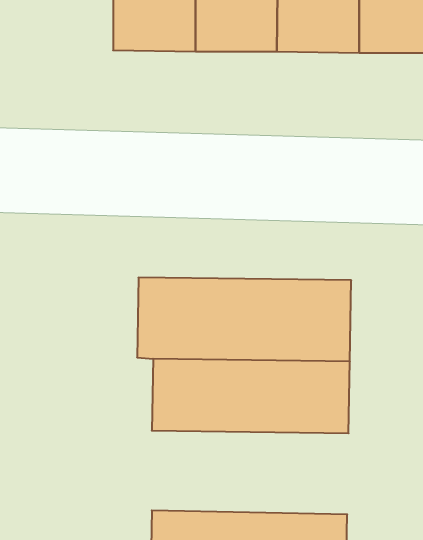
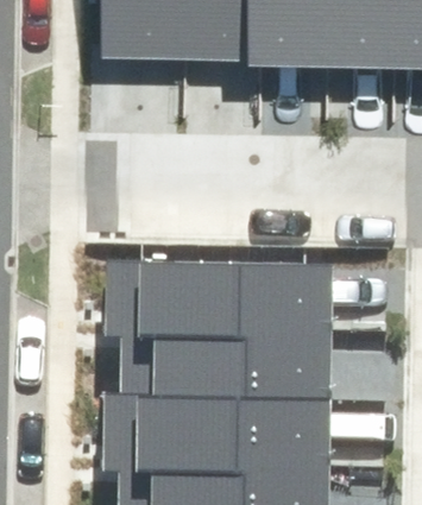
building: none -> [130,396,320,471]

